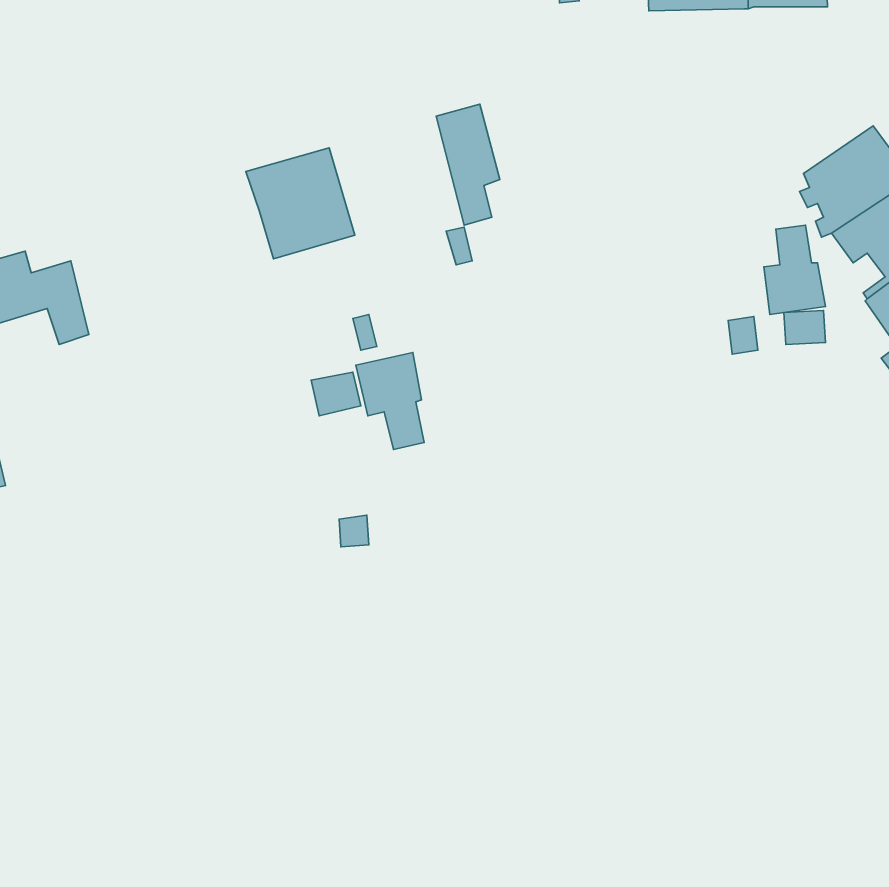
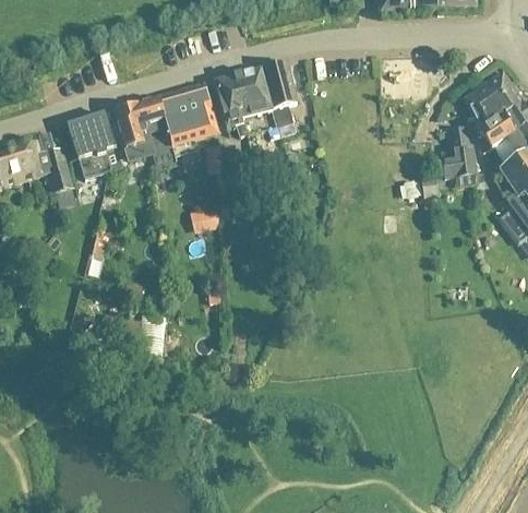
building: none -> [214,67,272,135]
building: none -> [113,96,165,159]
building: none -> [67,111,121,177]
building: [356,353,424,450] -> none

